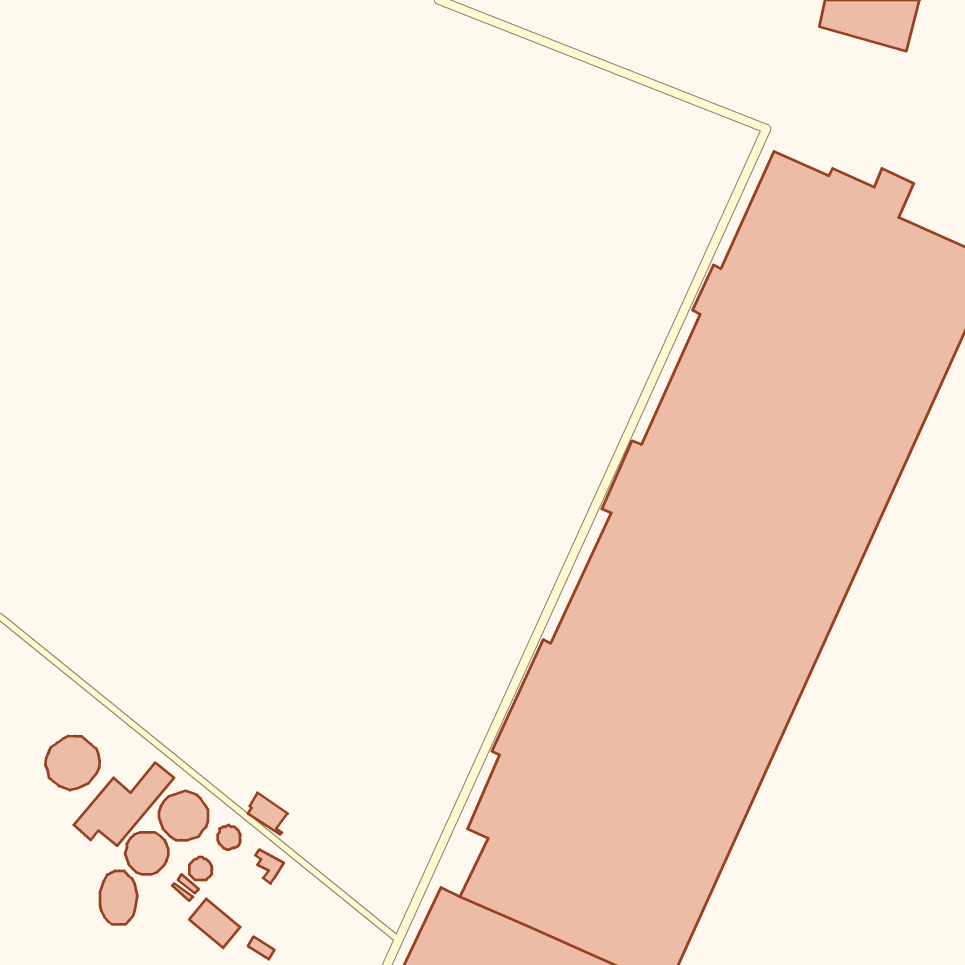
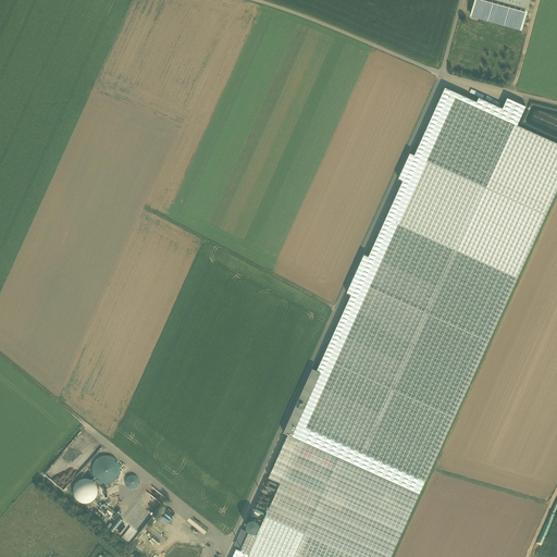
building: [46,736,100,790] -> none
building: [100,871,137,924] -> none

